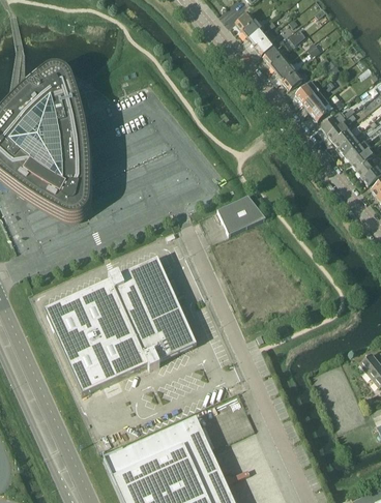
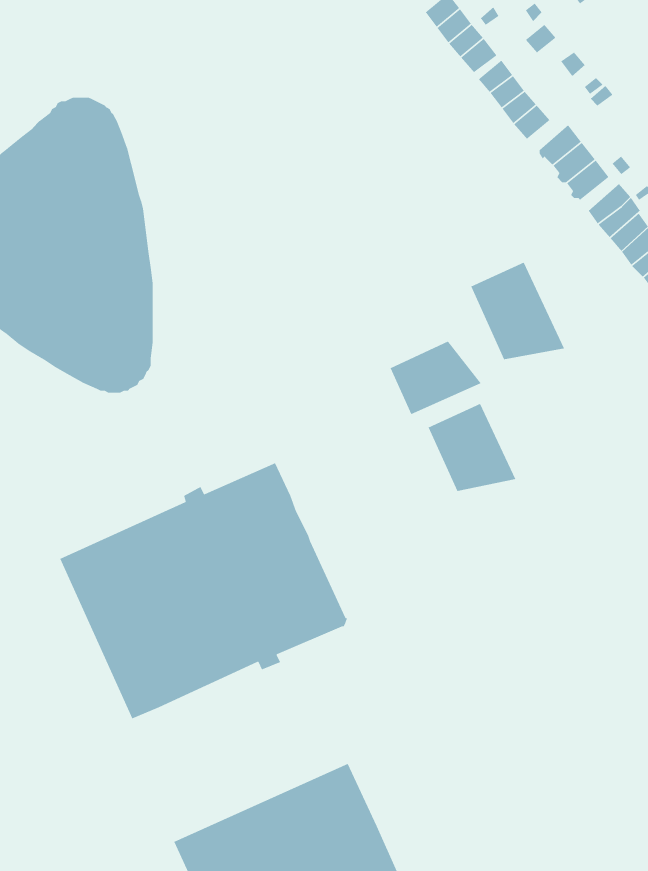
building: none -> [470,261,565,360]
building: none -> [428,403,517,492]

